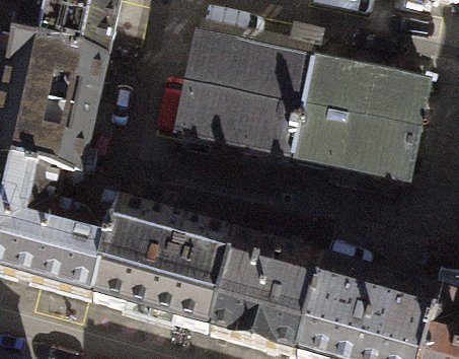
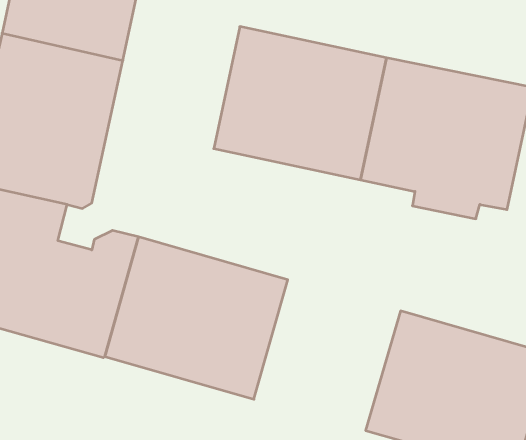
building: [210,231,325,351] -> none

